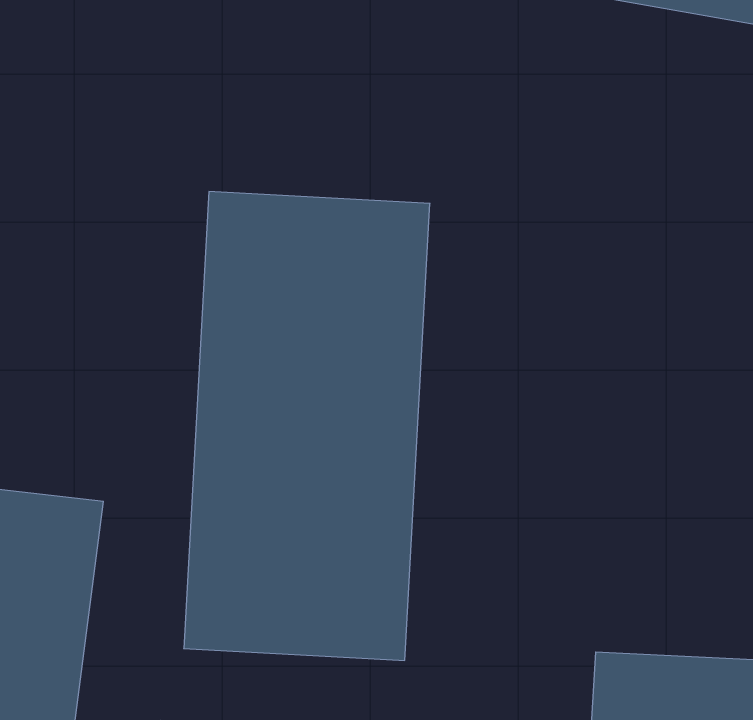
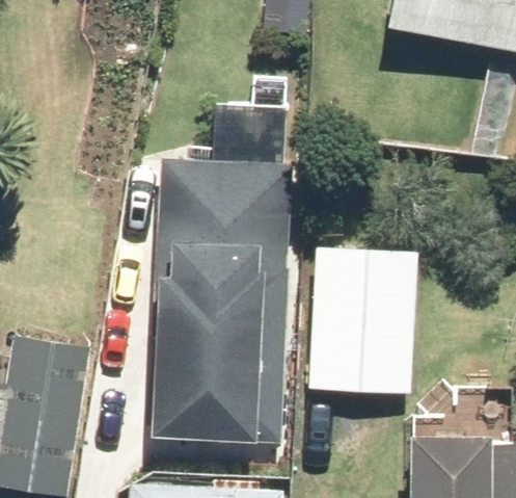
building: none -> [309,247,418,393]

